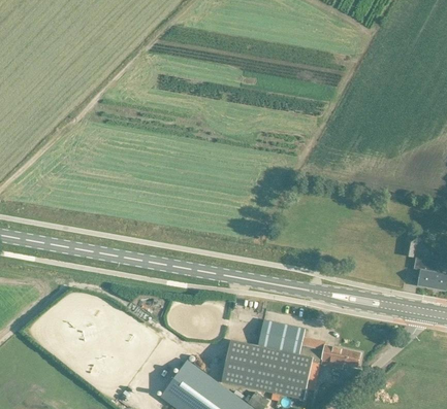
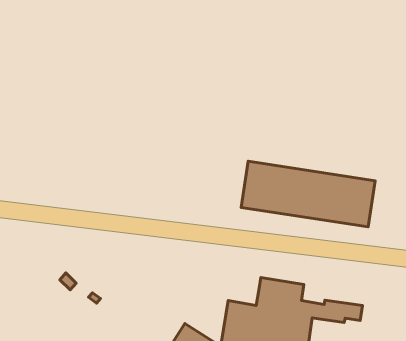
building: none -> [241,161,375,227]

